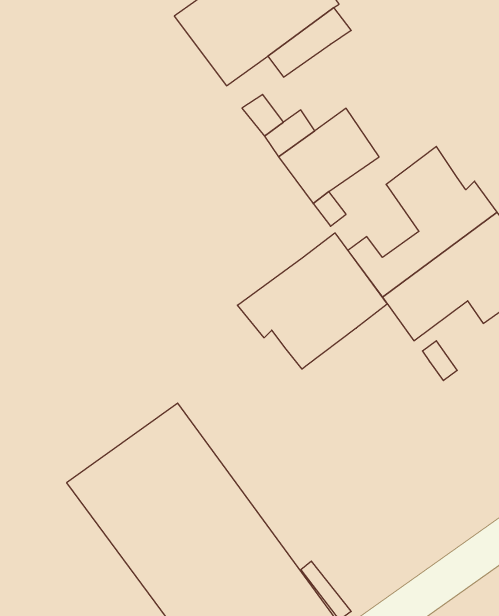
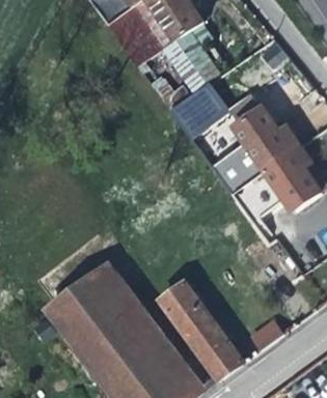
building: none -> [171,44,219,91]
building: [237,233,387,369] -> none
building: none -> [161,283,285,379]

